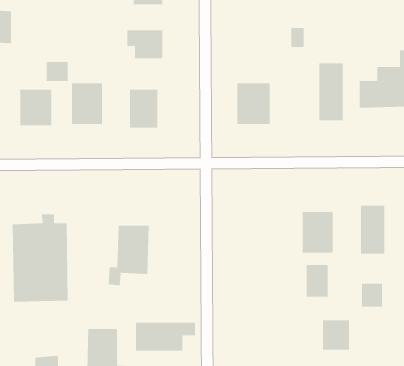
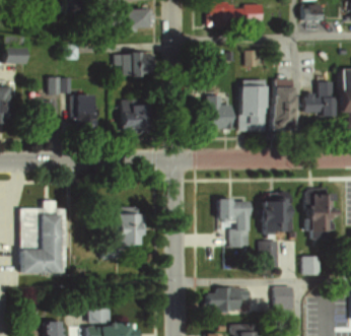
building: none -> [241,80,268,131]
building: none -> [218,200,253,248]
building: [135,322,196,351] -> [208,288,257,312]

